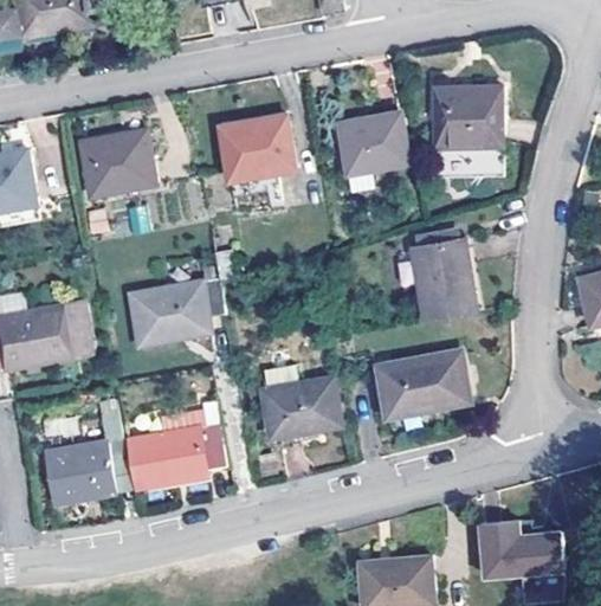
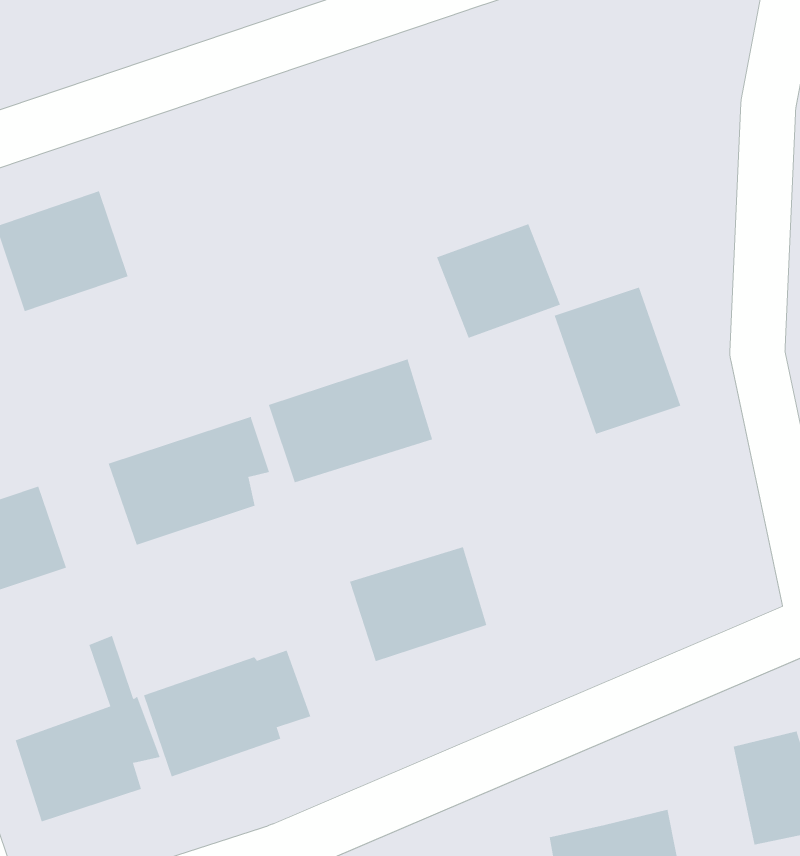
building: [434,86,503,148] -> none
building: [336,111,407,175] -> [436,224,561,339]
building: [219,112,293,182] -> none
building: none -> [268,358,433,483]
building: [375,350,471,419] -> none

